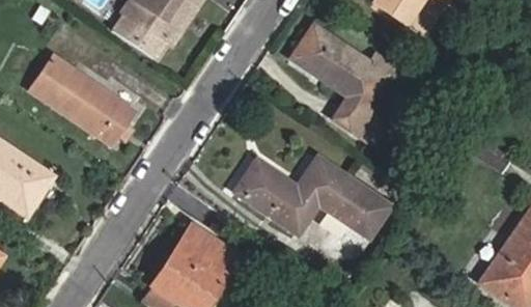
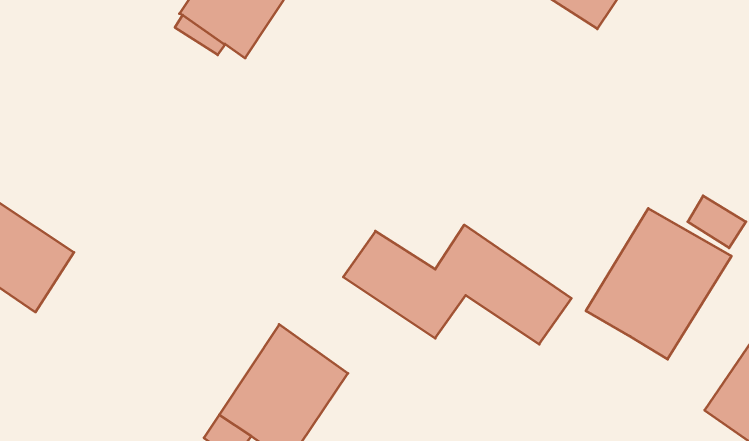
building: [290,24,388,144] -> none
building: [28,54,135,146] -> none
building: none -> [586,208,731,359]

